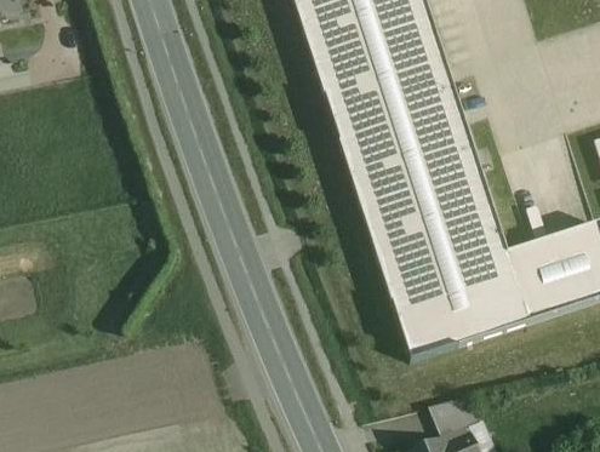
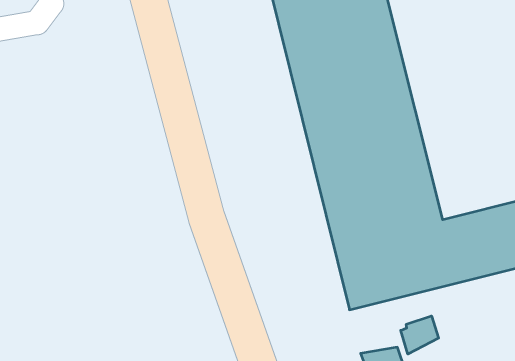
building: none -> [401,316,439,354]

